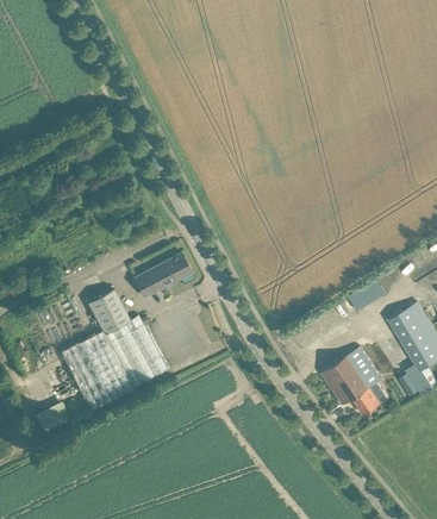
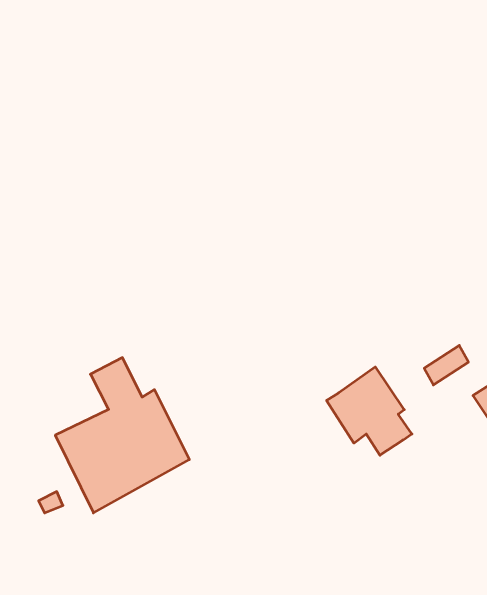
building: [133,254,191,298] -> none
building: [320,346,387,415] -> [327,367,412,455]

